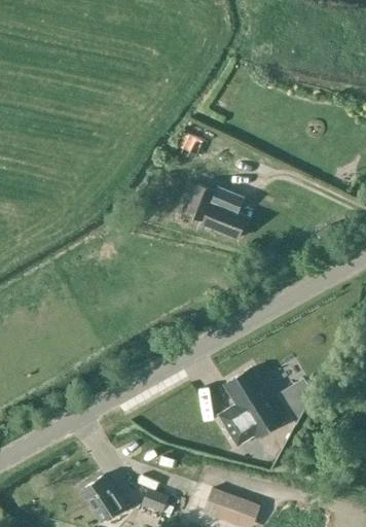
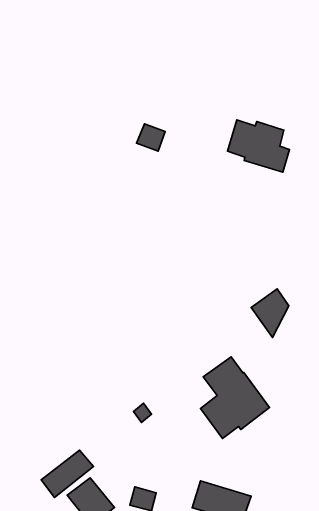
building: [187,185,248,240] -> [228,120,289,172]
building: [276,375,313,422] -> [251,289,289,338]
building: none -> [41,450,93,498]

